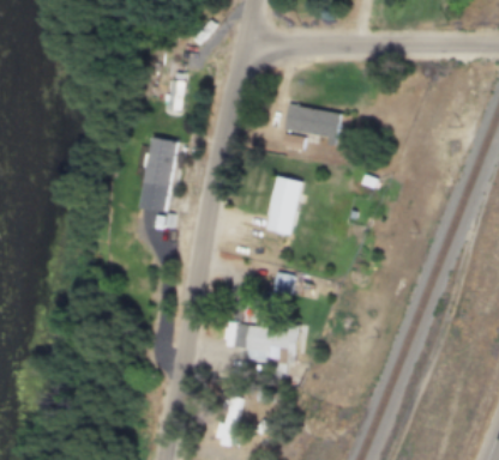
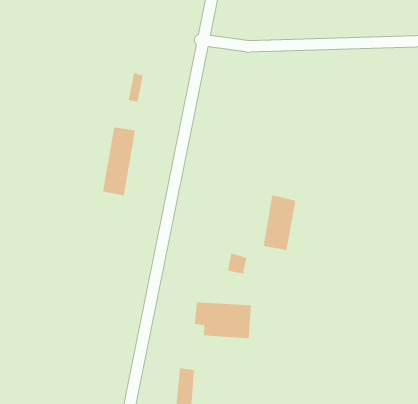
building: [284,104,341,138] -> none
building: [267,175,303,235] -> [263,195,296,251]

